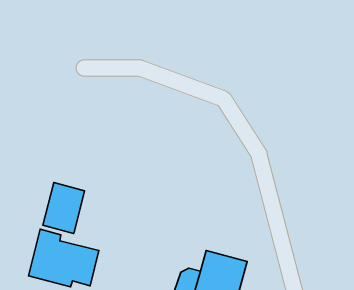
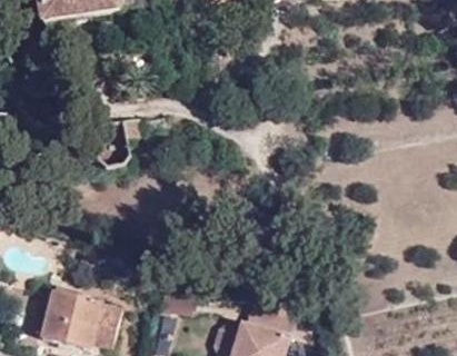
building: [43,183,84,233] -> none

